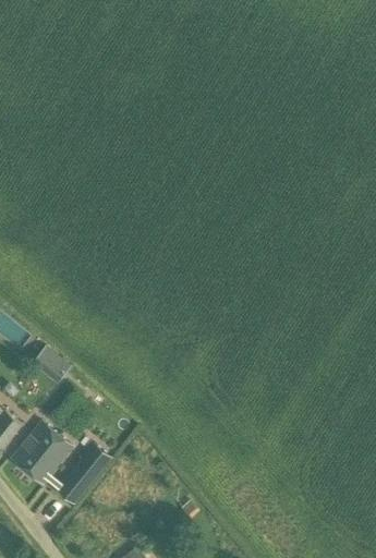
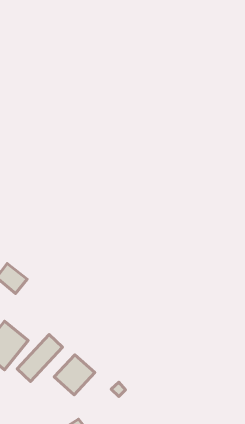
building: none -> [54,355,95,395]

